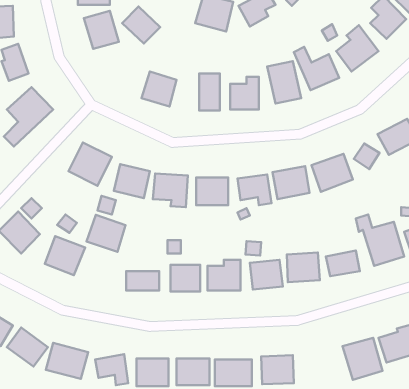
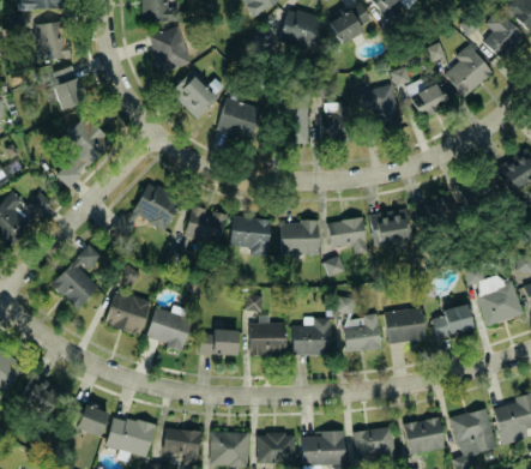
building: [122,7,160,44] -> [171,73,216,116]
building: [87,215,126,252] -> [144,306,189,349]
building: none -> [404,417,443,455]

